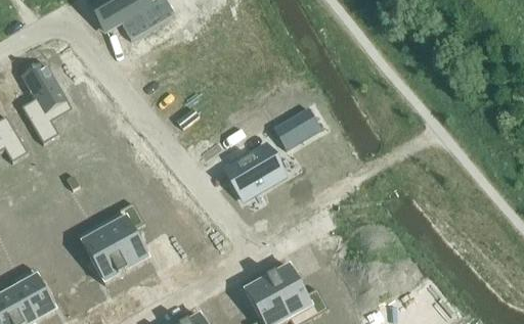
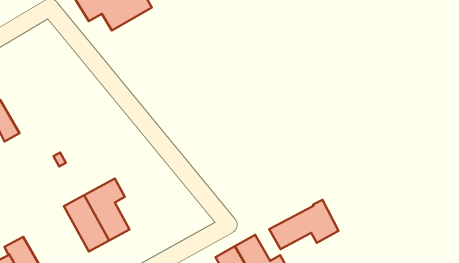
building: [20,60,72,142] -> none
building: [273,106,320,147] -> none
building: [225,144,283,196] -> none
building: none -> [269,200,339,249]

